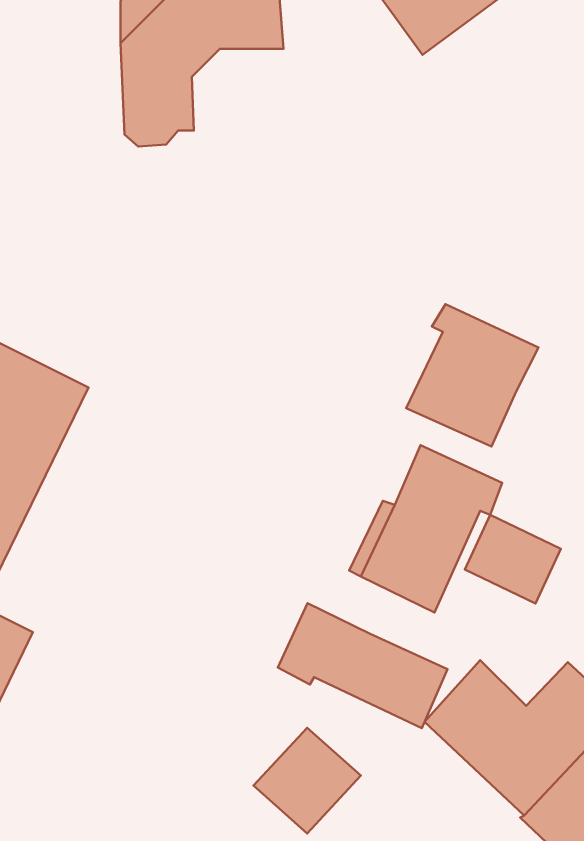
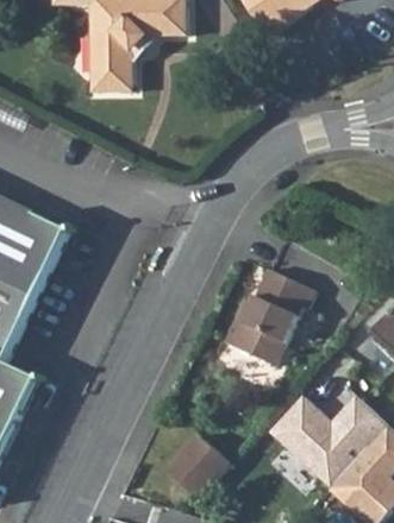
building: [406,304,539,446] -> none
building: [465,515,561,604] -> none
building: [278,603,447,728] -> none

